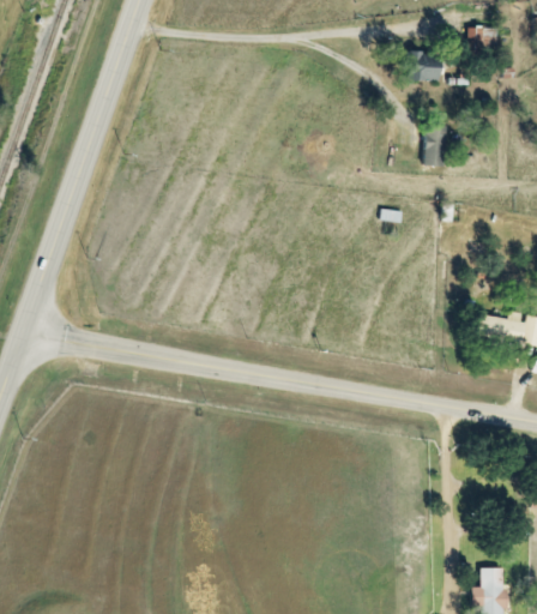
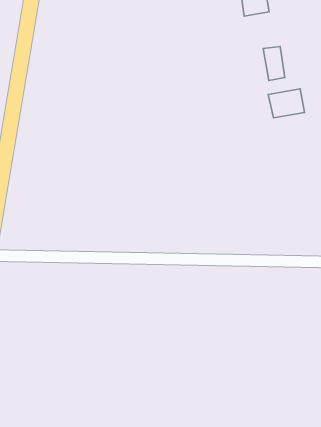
building: none -> [268,89,304,118]

